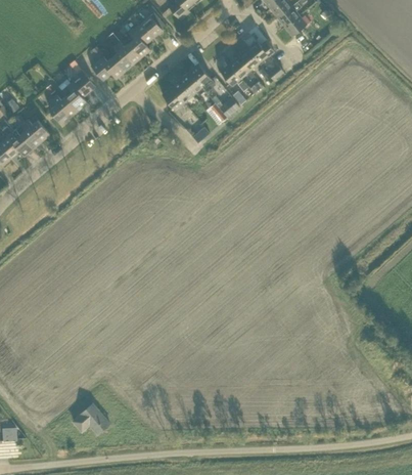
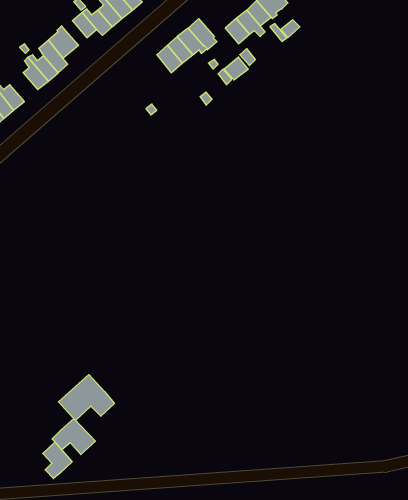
building: none -> [58,375,114,420]
building: none -> [43,442,72,479]

